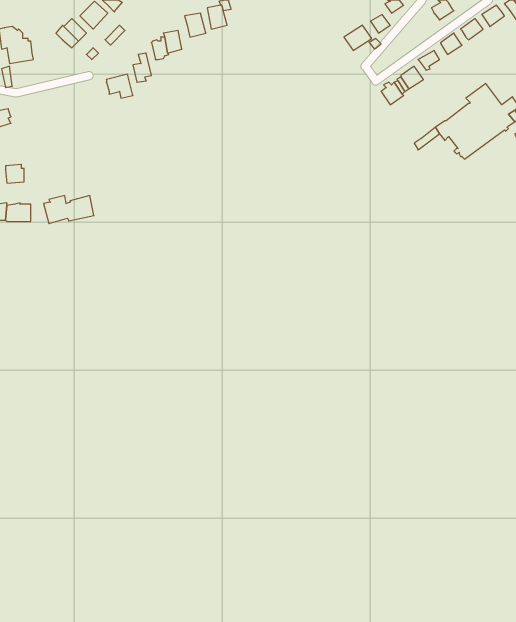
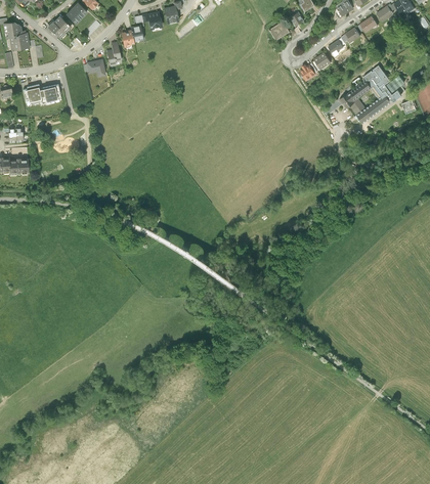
building: [44,196,94,224] -> [22,84,60,105]

